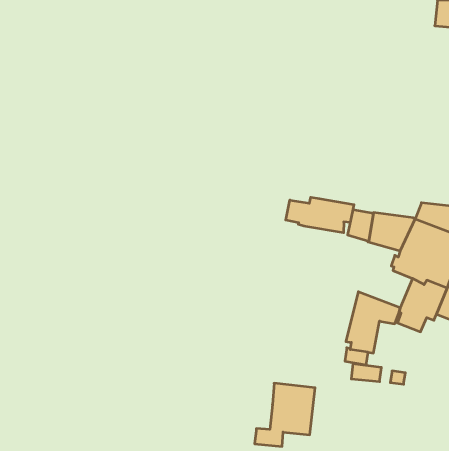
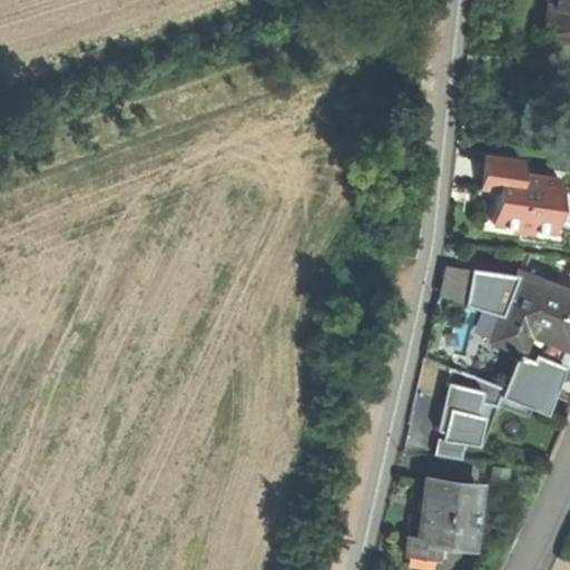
building: none -> [485,158,564,236]
building: [286,197,354,233] -> none
building: [255,383,315,446] -> [405,482,481,561]

